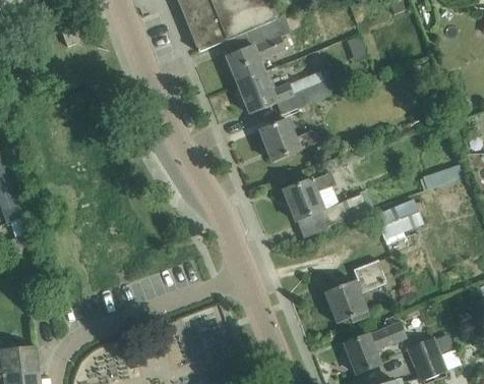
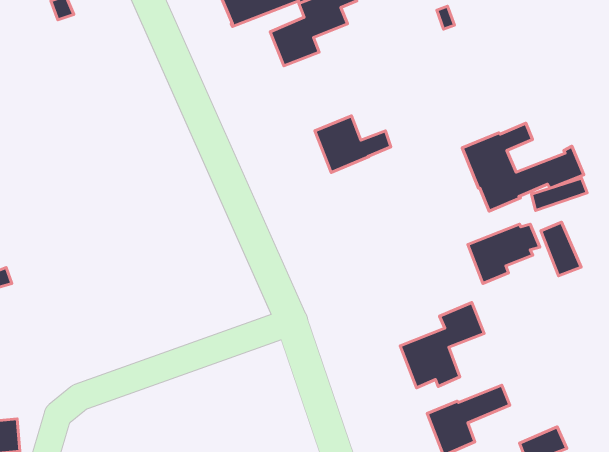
building: [236,70,329,113] -> none
building: [283,171,374,237] -> [462,123,584,211]
building: none -> [541,222,581,276]
building: [406,333,453,365] -> none

